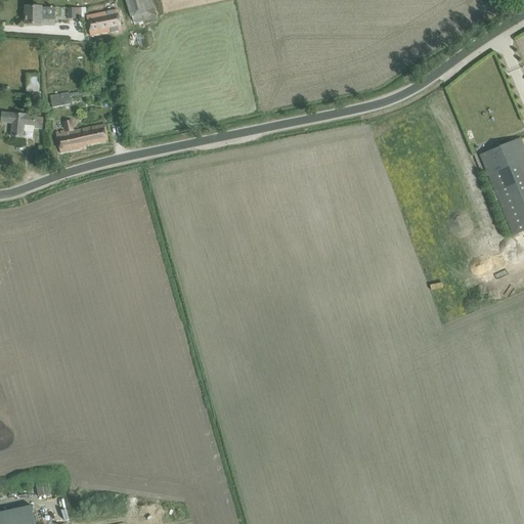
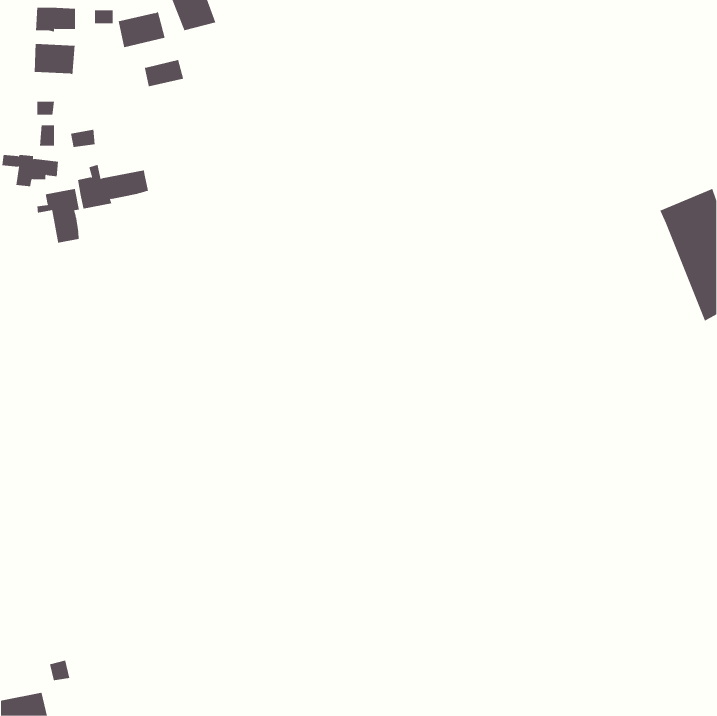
building: none -> [34,43,75,75]
building: none -> [144,59,184,87]
building: none -> [37,188,79,244]

